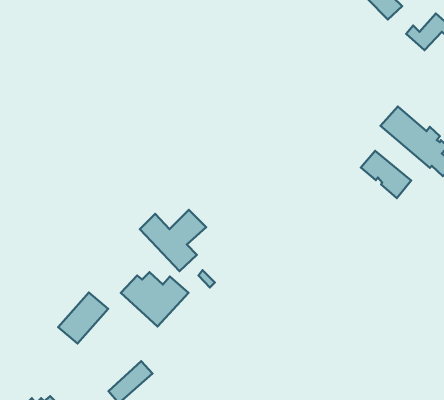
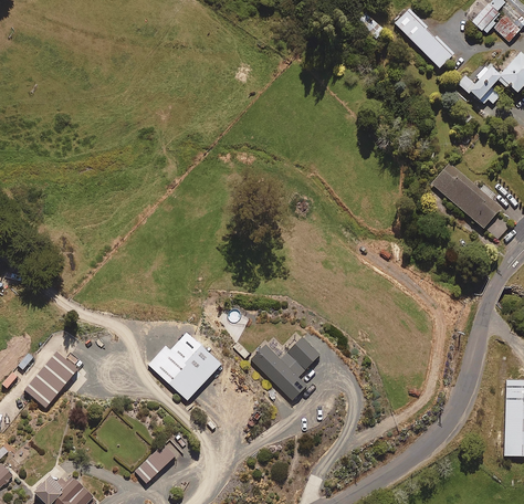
building: [361,151,411,198] -> none
building: [140,210,206,271] -> [251,337,323,403]
building: [58,292,108,344] -> [25,351,80,407]

